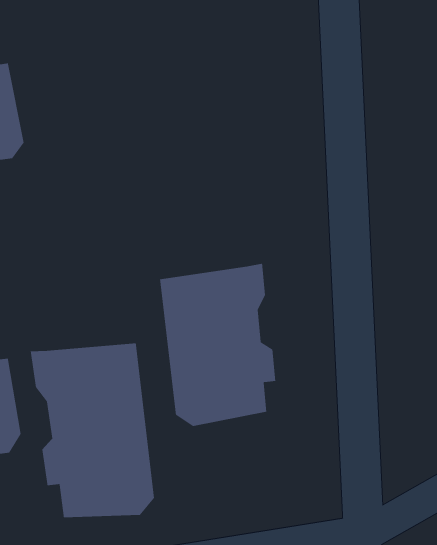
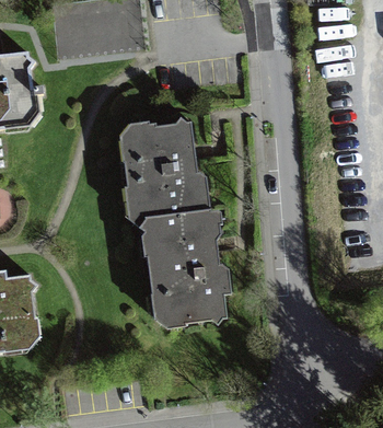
building: none -> [123,115,207,216]
building: [30,343,155,518] -> none

